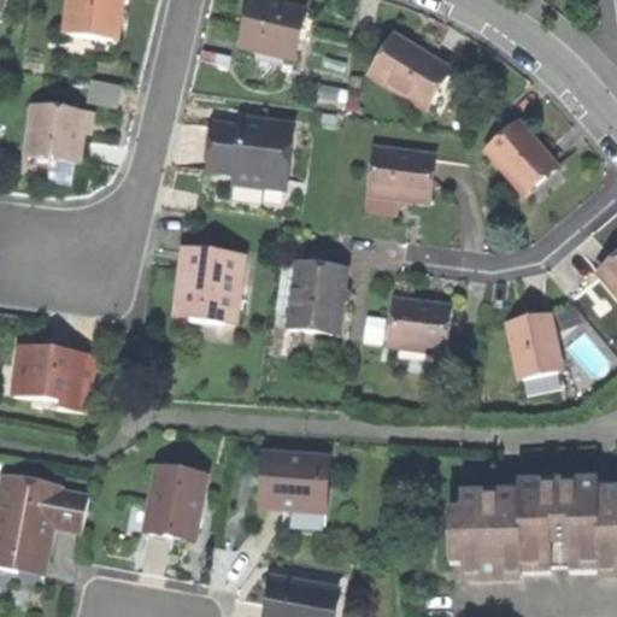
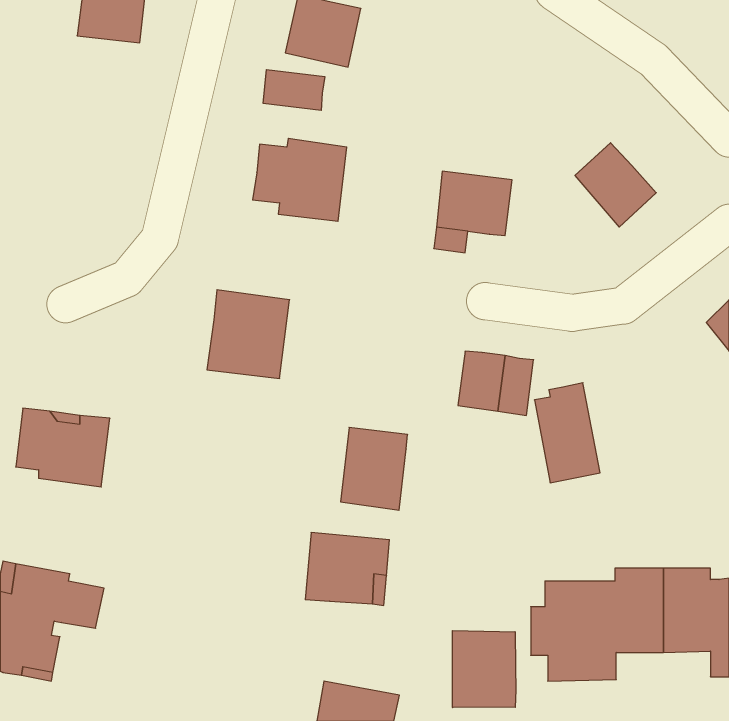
building: [370,33,447,106] -> none
building: none -> [263,70,325,110]
building: [25,102,83,159] -> none
building: [288,262,345,331] -> [341,427,408,510]
building: [505,312,560,396] -> [534,383,600,483]
building: [145,464,206,537] -> none
building: none -> [453,631,516,708]

